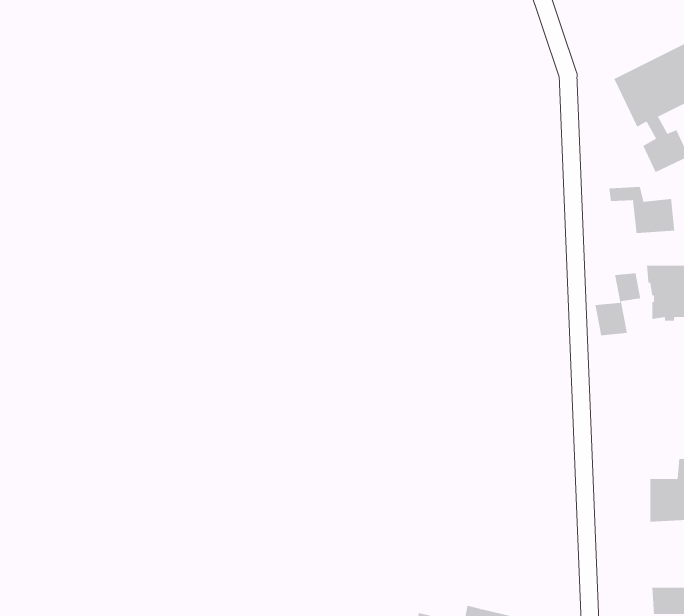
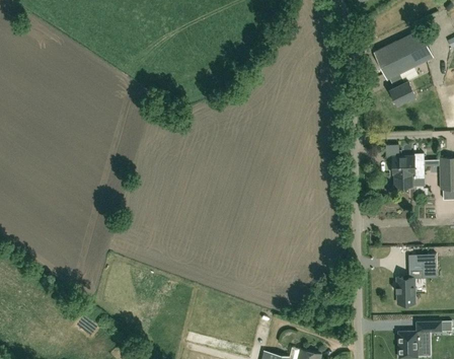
building: [609,186,675,234] -> none
building: [595,273,641,336] -> none

